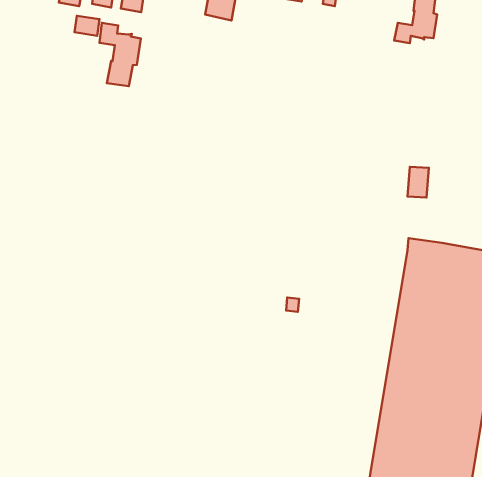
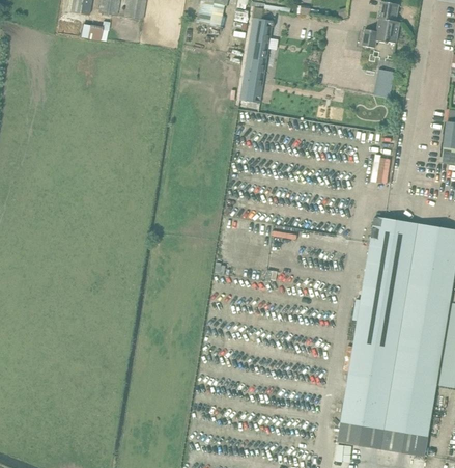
building: none -> [239,18,273,102]
building: [99,23,141,86] -> none
building: none -> [373,68,394,98]

